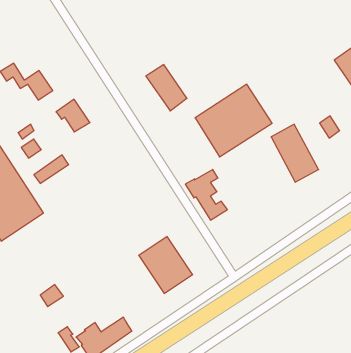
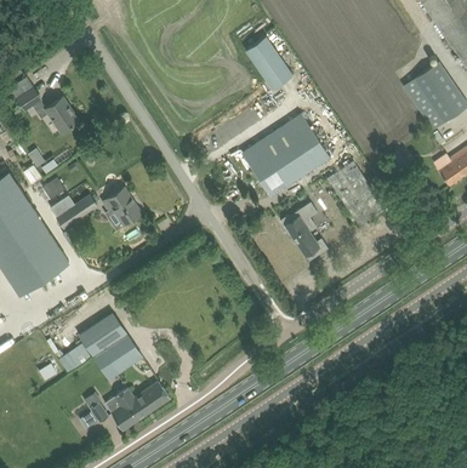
building: [146,65,187,111] -> [245,36,292,90]
building: [56,99,90,132] -> [103,188,142,226]
building: [185,169,227,220] -> [280,202,329,261]
building: [139,237,193,293] -> [80,313,142,378]

